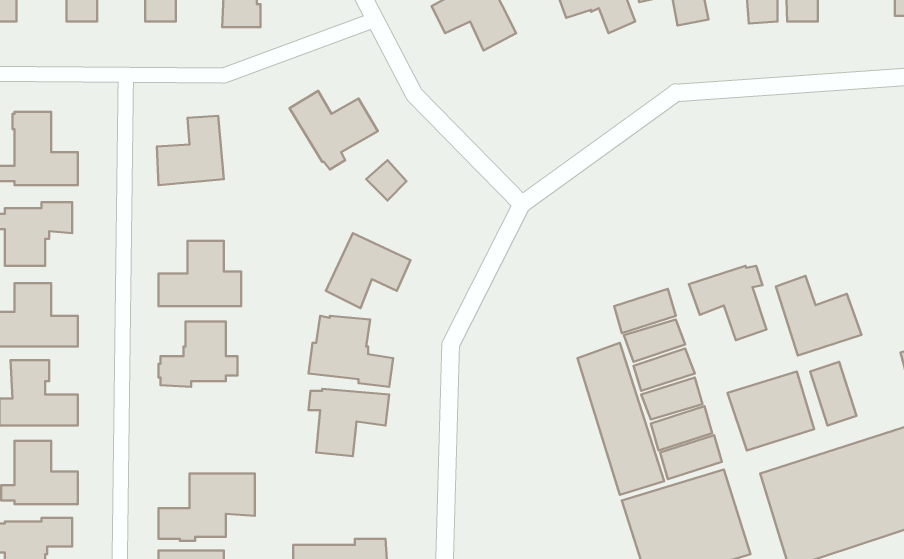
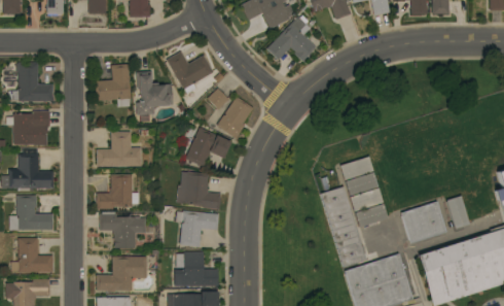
building: none -> [266,15,316,61]
building: none -> [136,70,173,115]
building: none -> [216,96,253,138]
building: [689,266,766,340] -> none
building: [776,276,862,355] -> none
building: none -> [99,213,146,247]
building: none -> [174,251,218,285]

